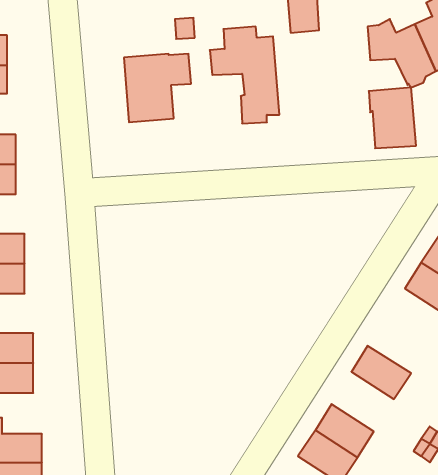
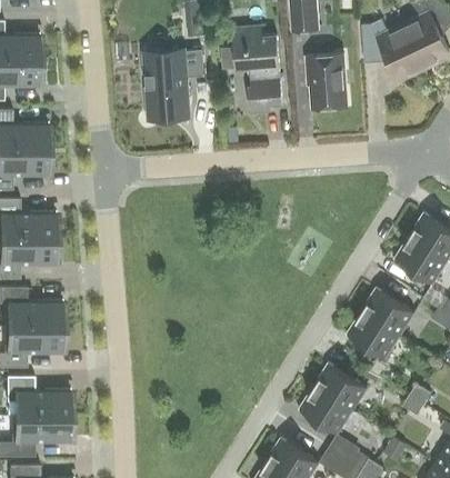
building: [369,87,416,148] -> [306,54,348,109]
building: none -> [361,289,414,337]

